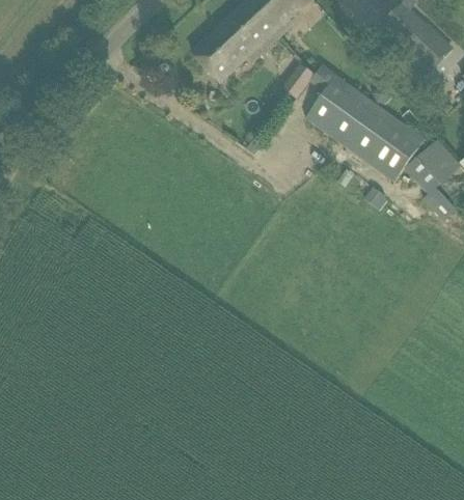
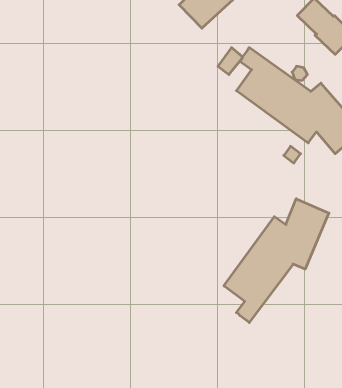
building: [194,15,266,85] -> none
building: none -> [224,199,329,323]

